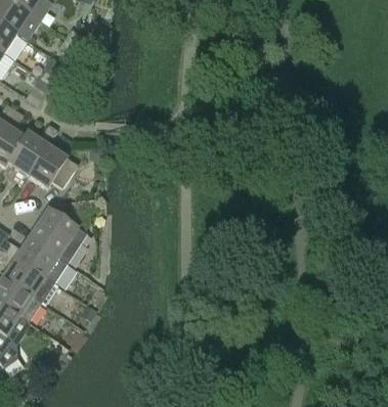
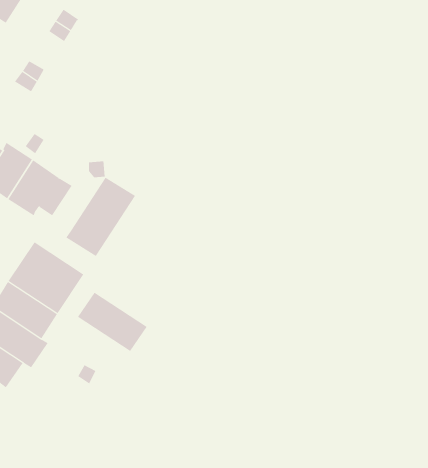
building: none -> [65,177,136,257]
building: none -> [77,292,147,352]

